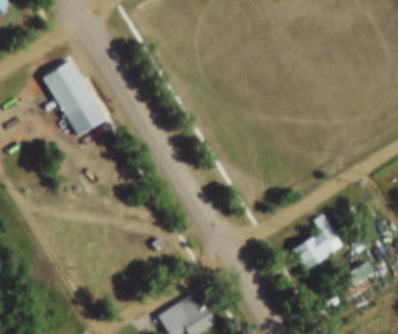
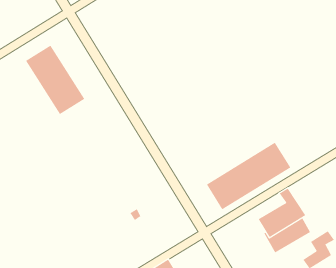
building: none -> [206,142,291,210]

